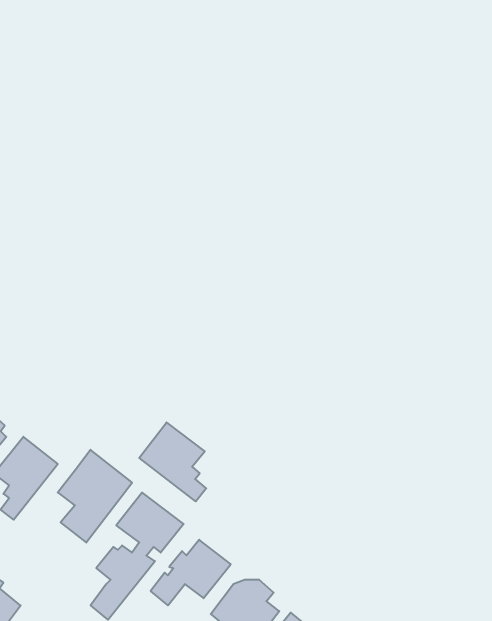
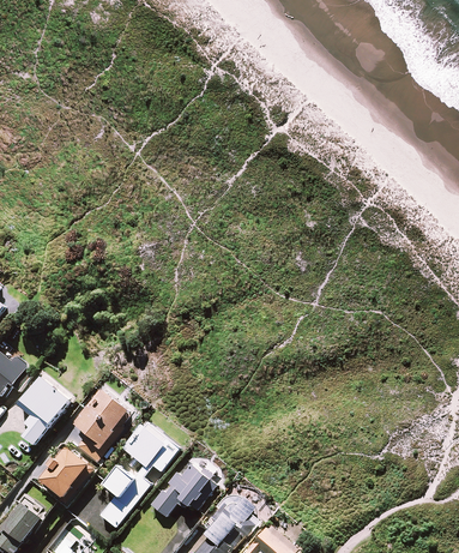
building: [139,422,206,501] -> none
building: none -> [40,446,92,500]

